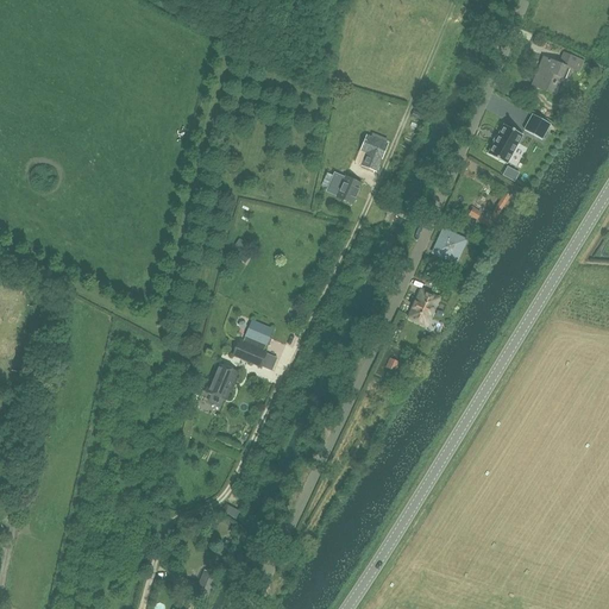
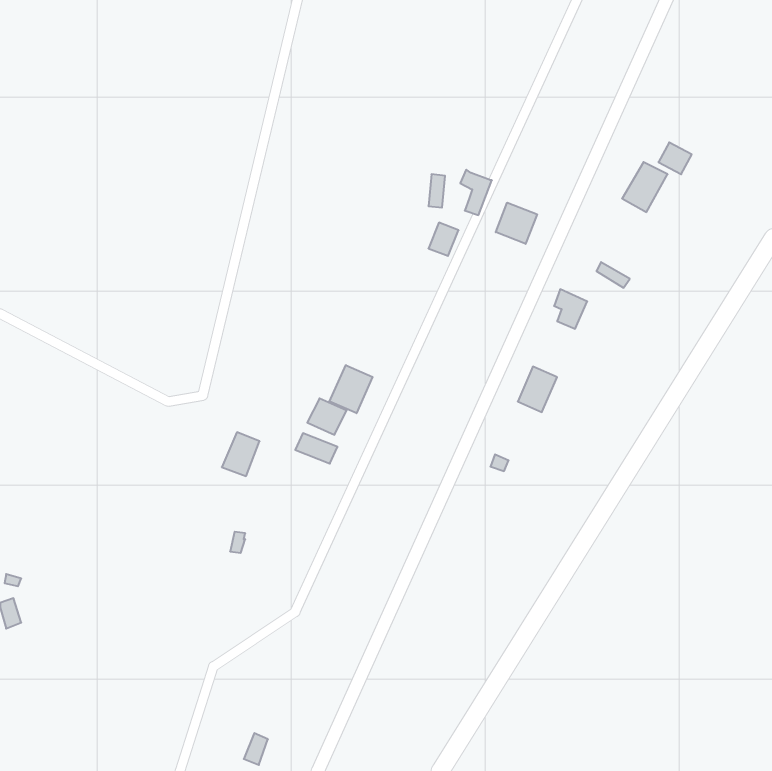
building: [533,55,573,93] -> none
building: none -> [496,203,537,244]
building: none -> [330,365,373,413]
building: [207,363,237,397] -> [222,432,260,476]

